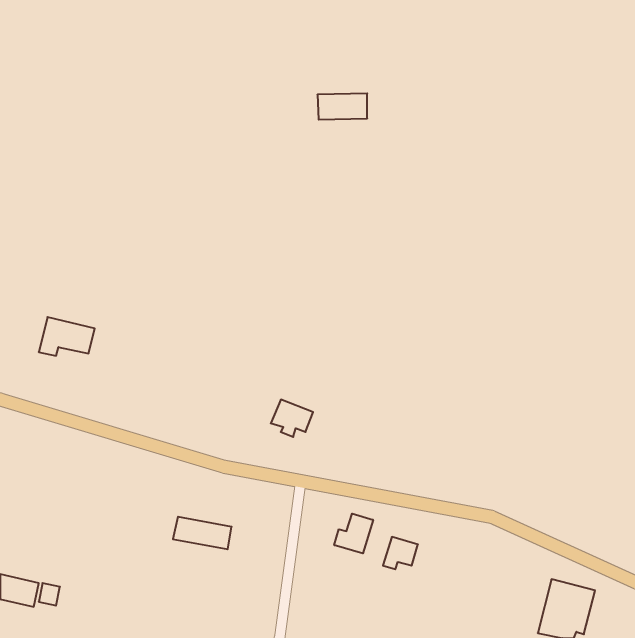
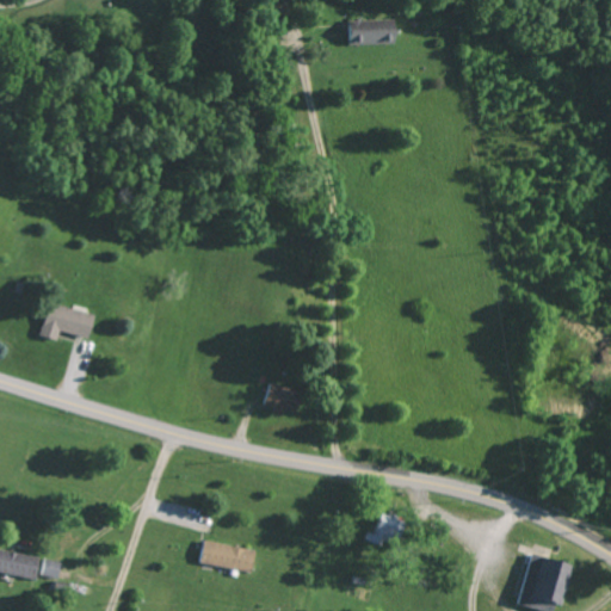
building: [317,93,367,120] -> [347,19,395,44]
building: [334,514,373,553] -> none
building: [173,517,232,549] -> [198,541,254,572]

